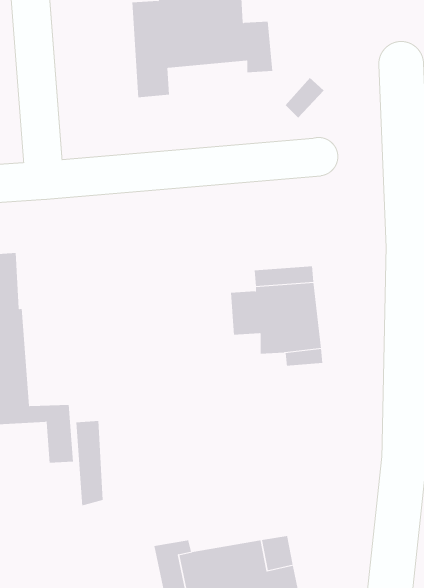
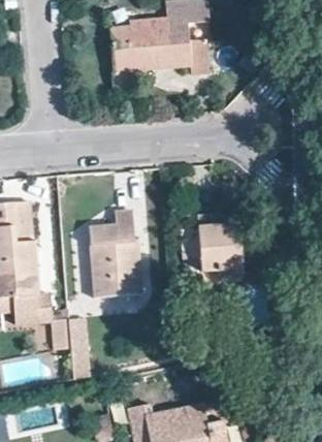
building: none -> [90,208,139,297]

